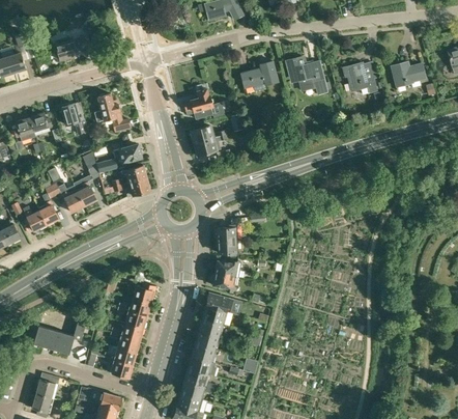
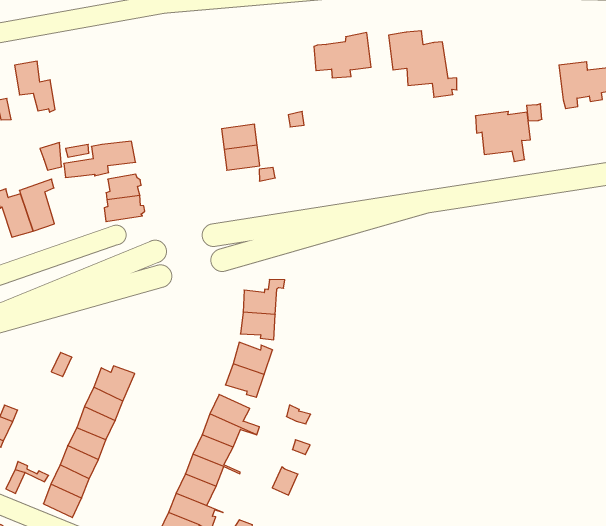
building: [342,61,377,92] -> [475,111,530,162]
building: [183,85,213,118] -> none
building: [93,94,131,133] -> none

